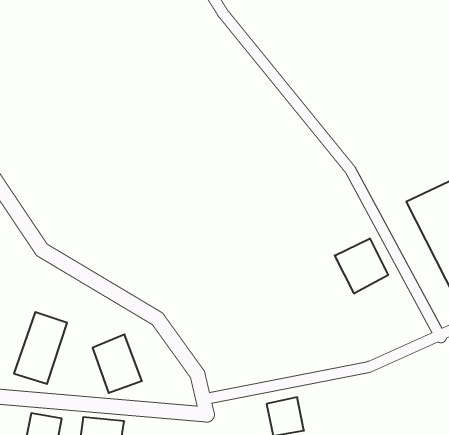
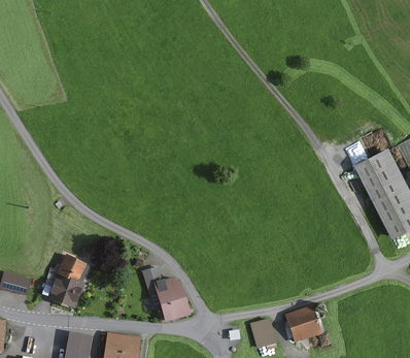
building: [335,238,388,294] -> none
building: [93,334,142,393] -> [152,279,191,324]
building: none -> [283,303,324,341]

